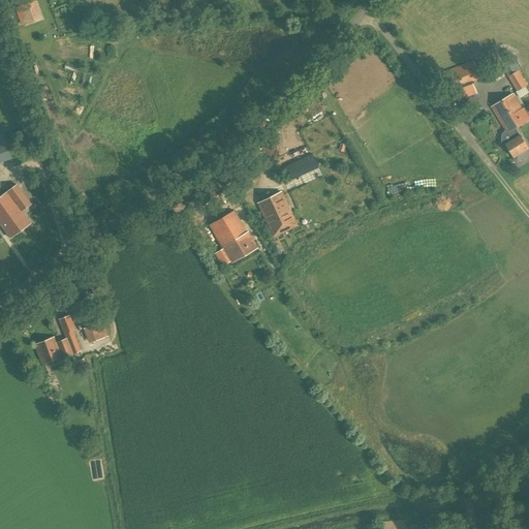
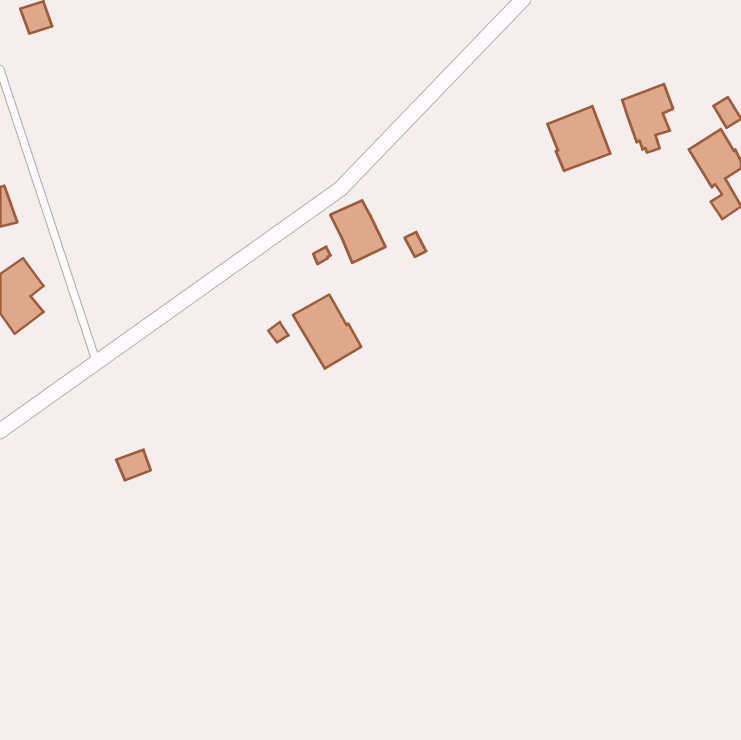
building: none -> [547,106,610,171]
building: [257,191,297,236] -> [330,200,385,263]
building: [35,314,81,364] -> none

